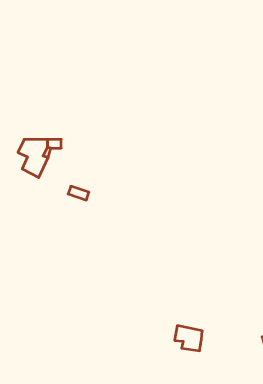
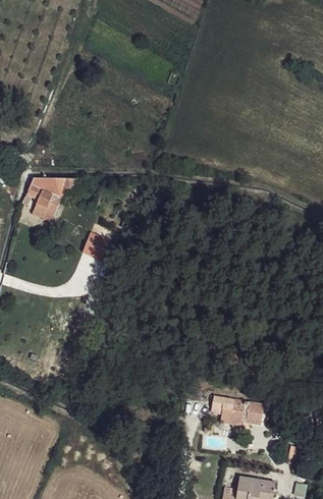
building: none -> [239,402,263,427]

